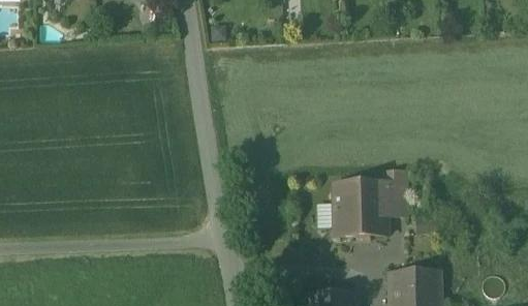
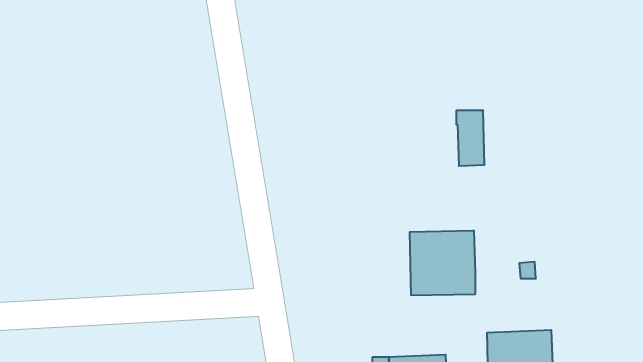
building: [380,176,403,220] -> [456,110,485,166]

